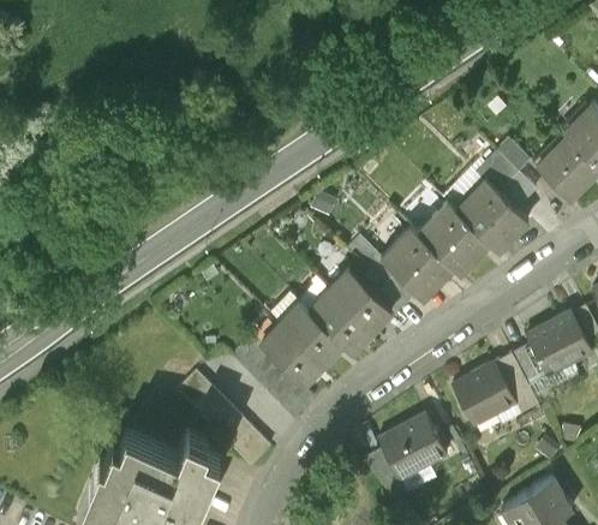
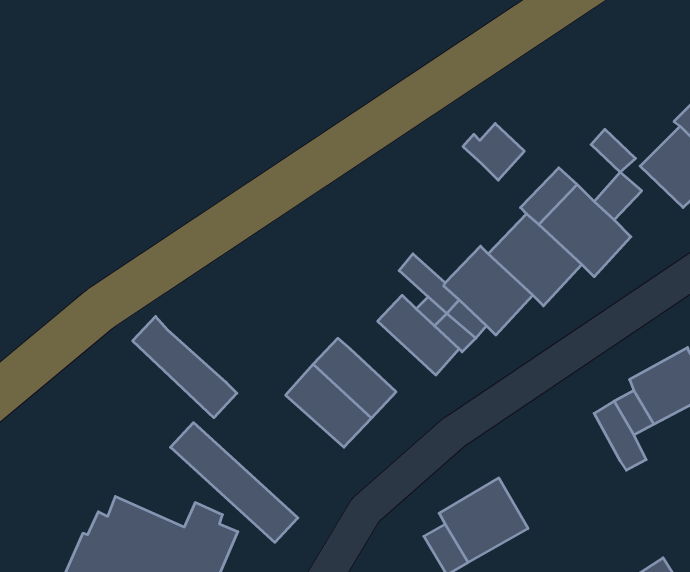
building: [473,151,521,196] -> [463,123,524,180]
building: [310,290,377,354] -> none
building: [232,336,313,416] -> [133,316,237,418]
building: [453,362,521,425] -> none

